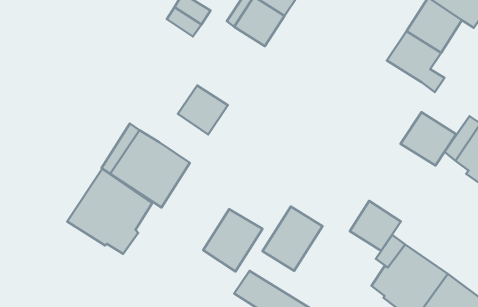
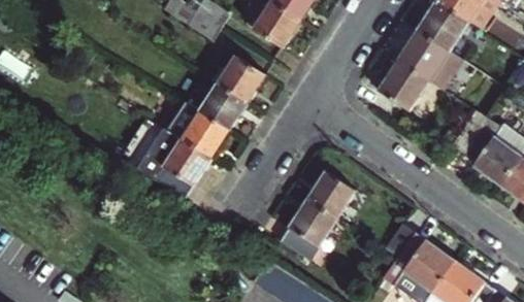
building: none -> [218,55,265,103]
building: [401,112,456,166] -> [378,61,430,111]
building: none -> [182,111,228,158]
building: [67,169,152,254] -> none
building: [350,201,401,251] -> [306,170,355,217]
building: [203,209,262,271] -> none

